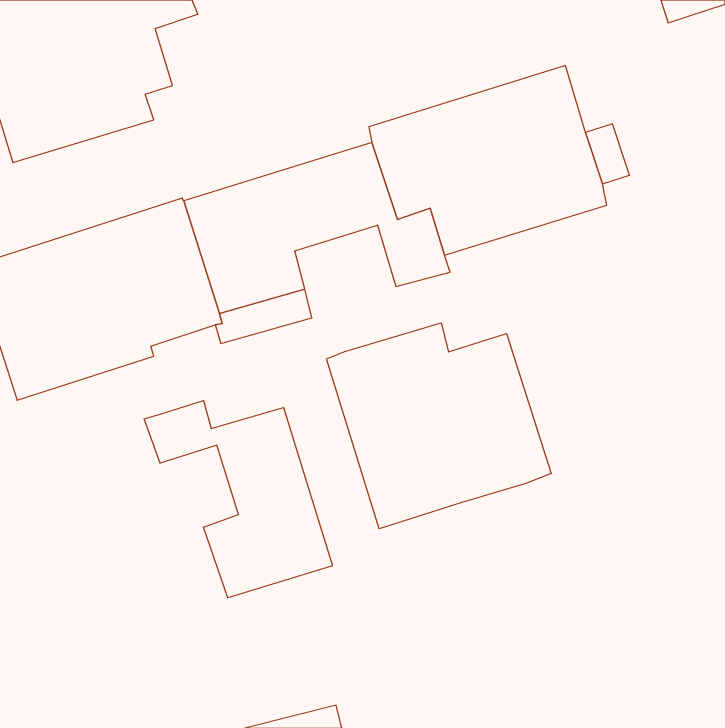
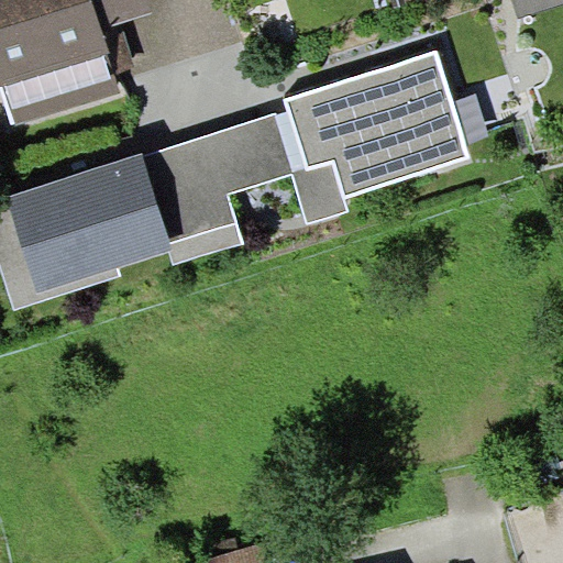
building: [326,323,551,529] -> none
building: [144,400,333,598] -> none

